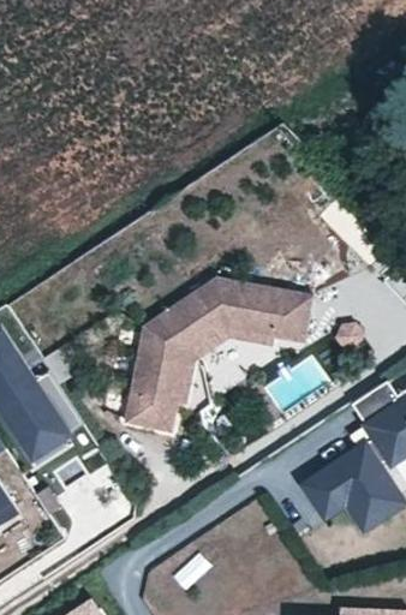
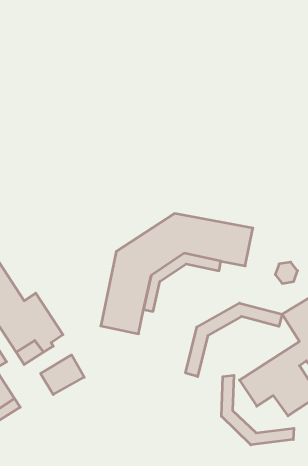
building: none -> [186,303,282,377]
building: none -> [221,375,294,445]

